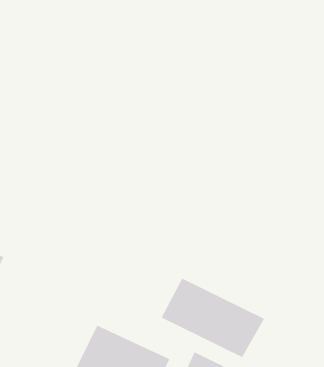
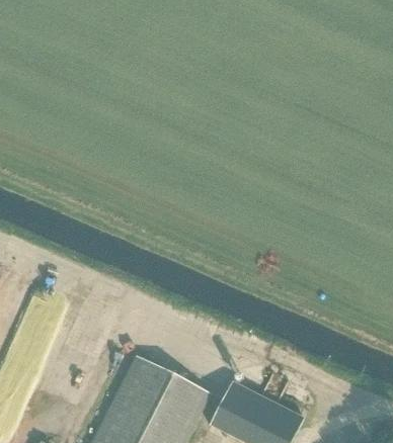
building: [161,278,265,358] -> none

